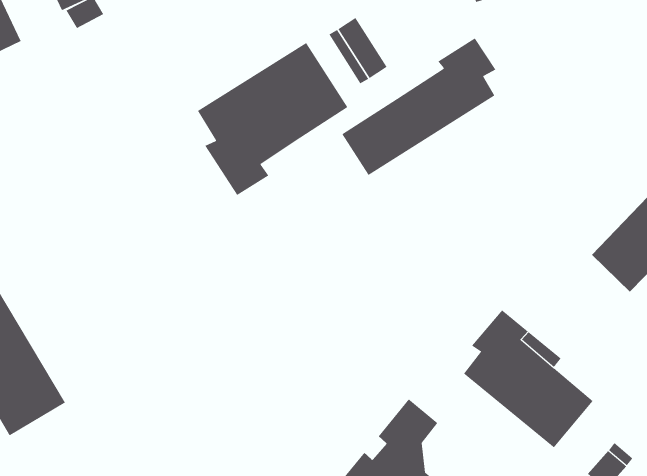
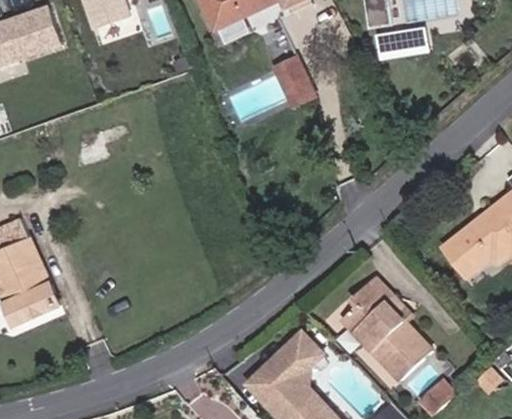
building: [341,38,496,176] -> none
building: [197,42,348,196] -> none

